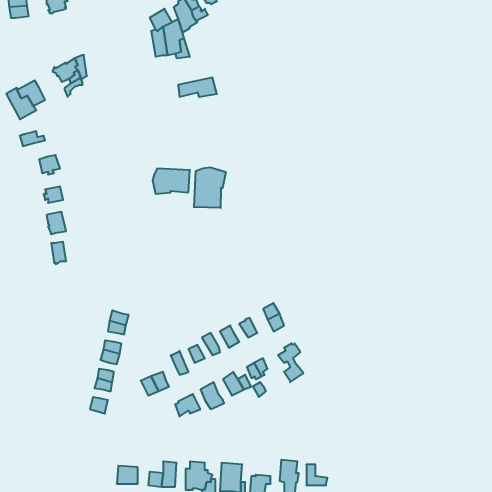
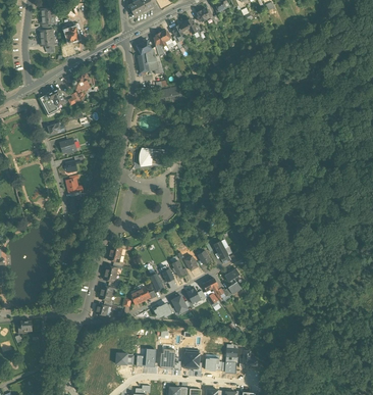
building: [194,167,226,208] -> none

